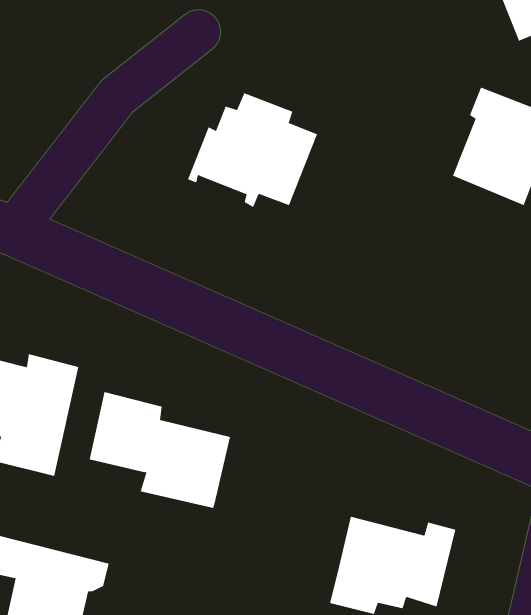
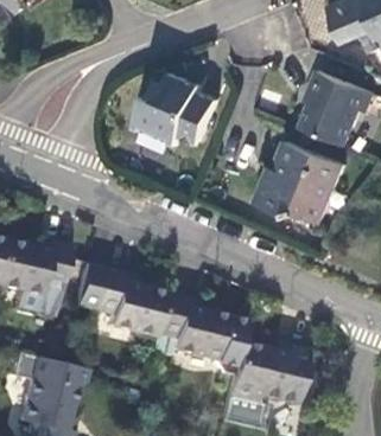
building: none -> [259,142,345,224]
building: none -> [154,290,245,376]

